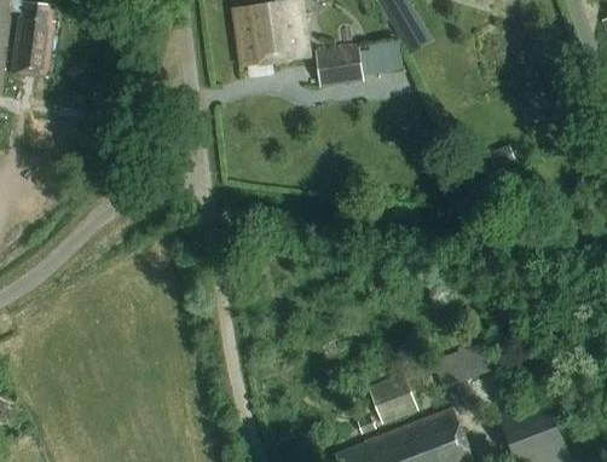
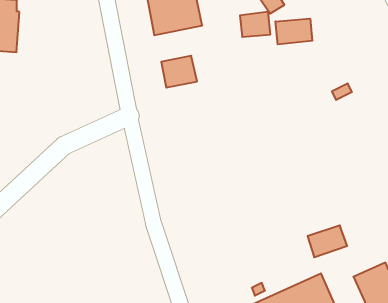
building: [313,46,362,88] -> [161,56,197,88]
building: none -> [275,19,312,44]
building: [366,374,417,425] -> none

